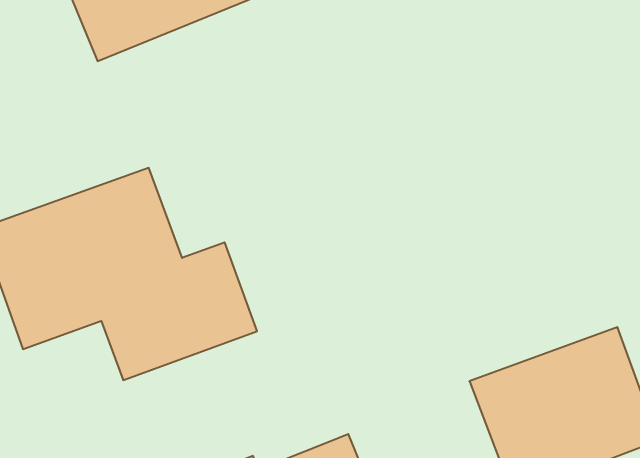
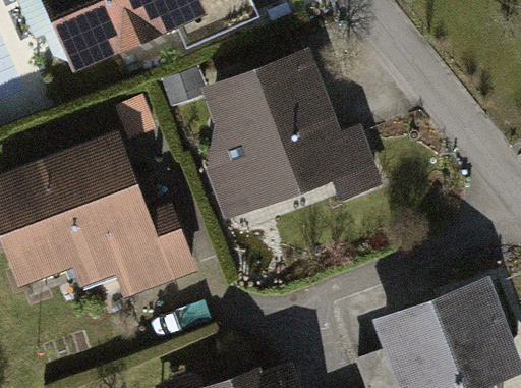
building: none -> [202,62,354,211]

